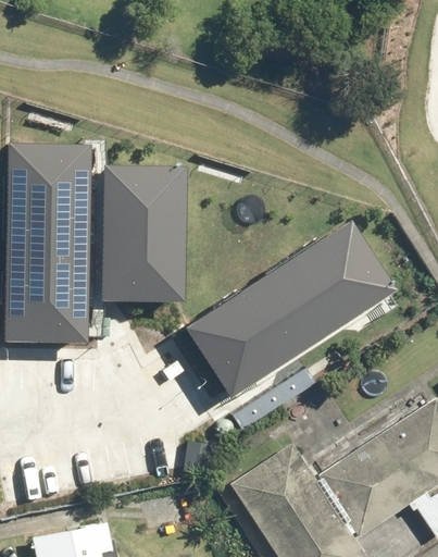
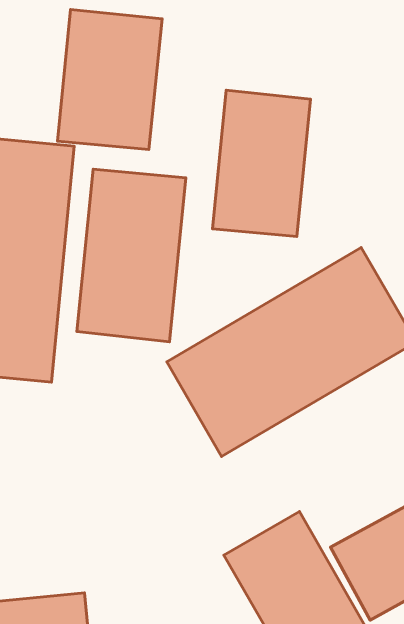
building: none -> [57,10,162,150]
building: none -> [212,90,310,236]

